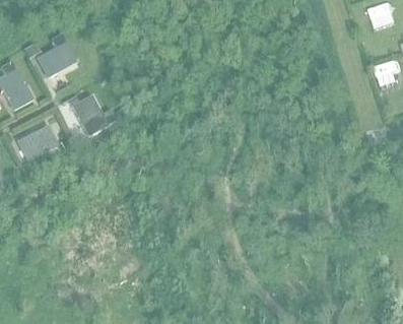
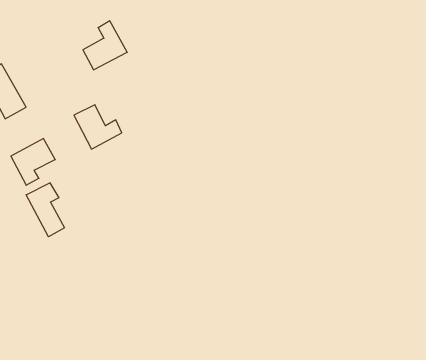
building: [38,34,76,76] -> [83,21,127,70]
building: none -> [26,183,64,237]

